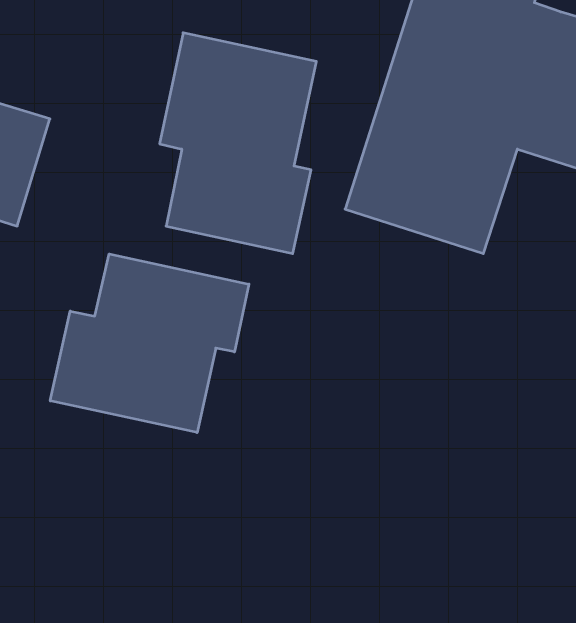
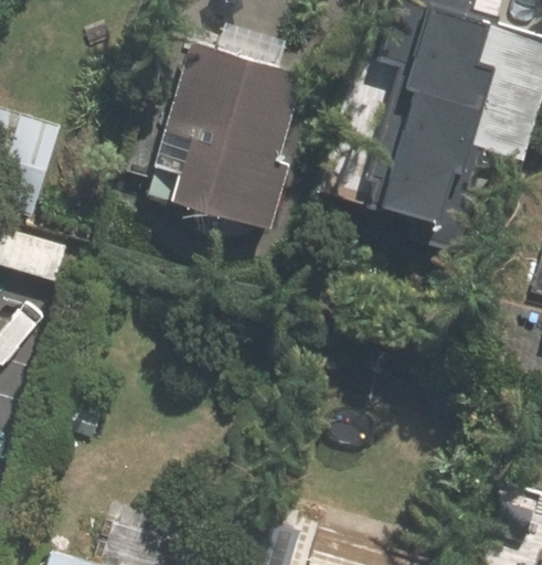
building: [50,254,249,433] -> none

